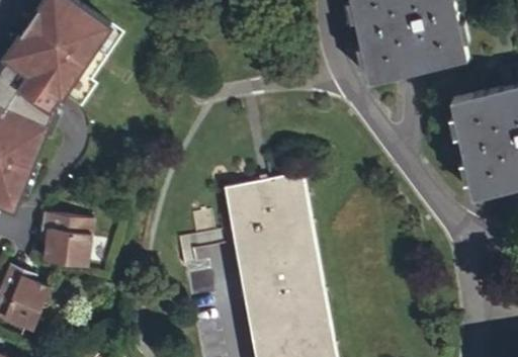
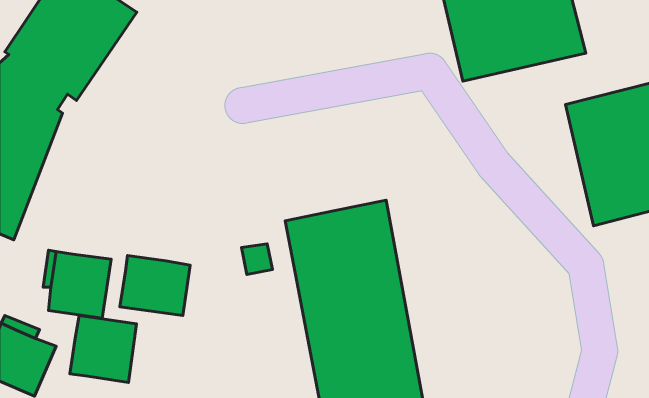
building: none -> [120,255,190,315]
building: none -> [70,316,136,382]

